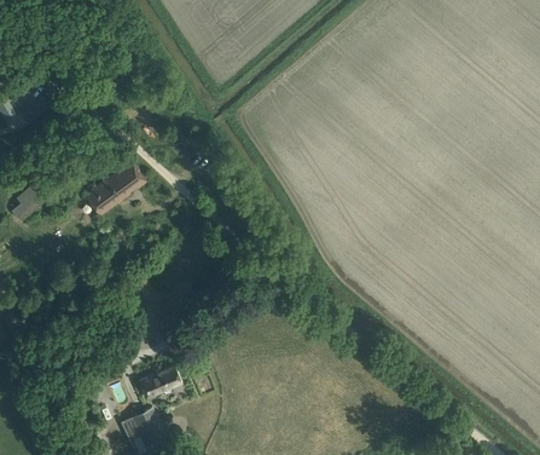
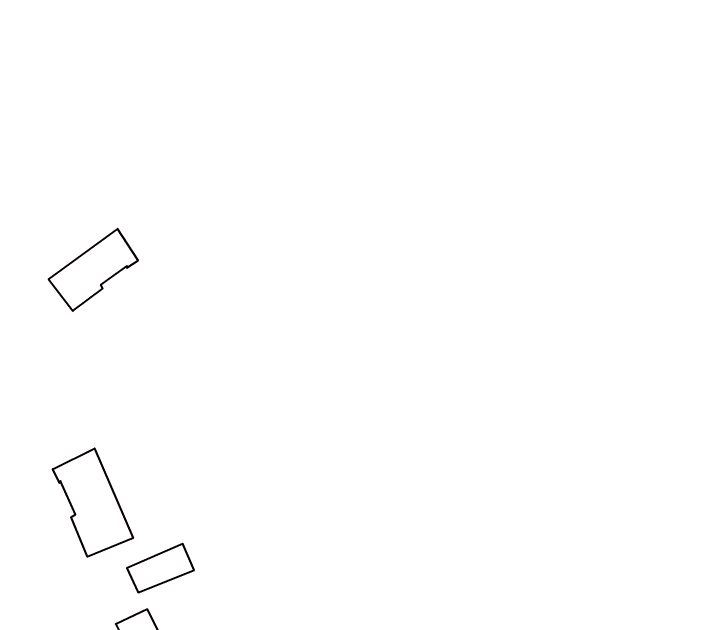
building: none -> [53,448,133,557]

